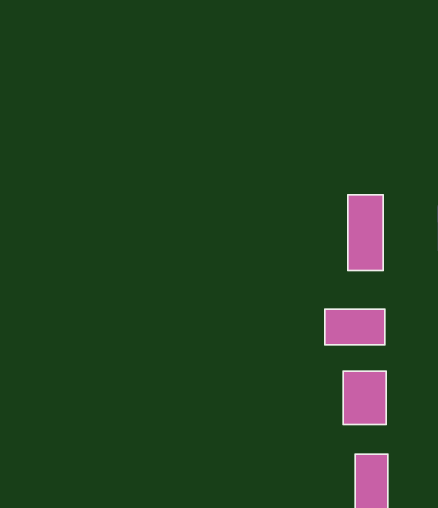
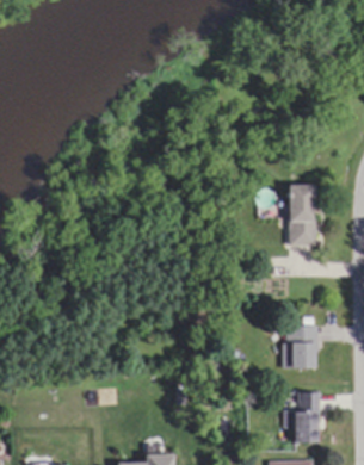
building: [325,309,385,345] -> none

